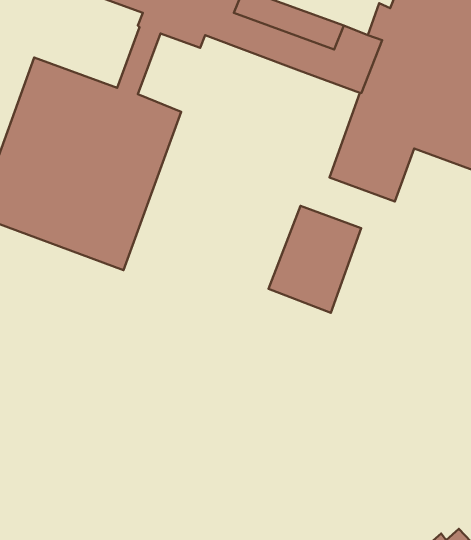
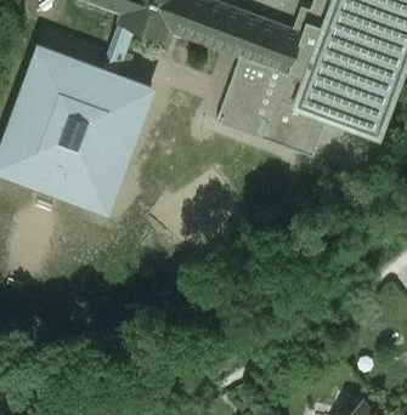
building: [268,206,361,313] -> [216,57,287,138]

